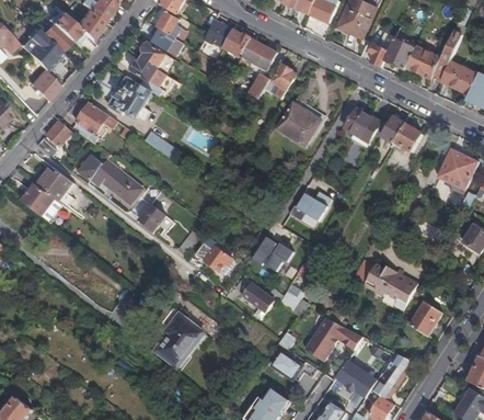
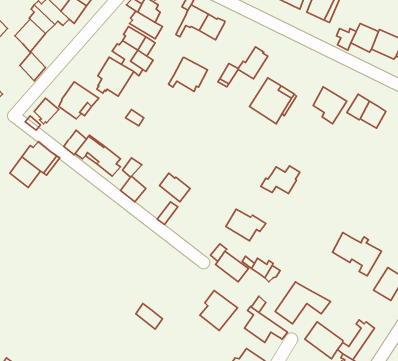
building: [234,37,276,73] -> [169,58,208,91]
building: [197,240,230,271] -> [159,173,190,202]
building: [162,311,203,354] -> [200,291,238,331]

